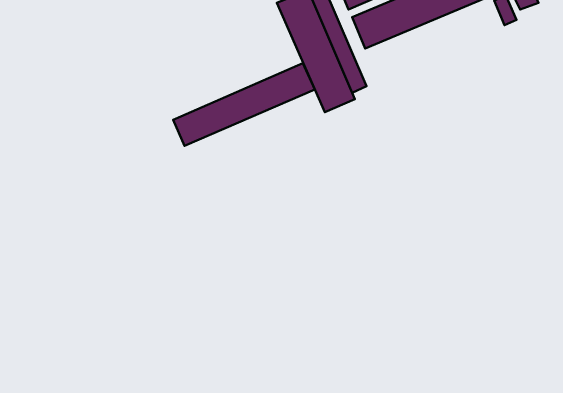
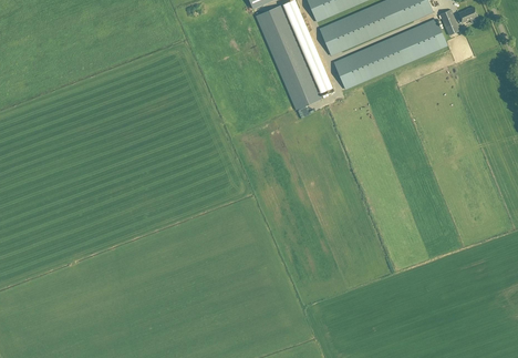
building: none -> [333,18,446,89]
building: [173,63,315,146] -> none

